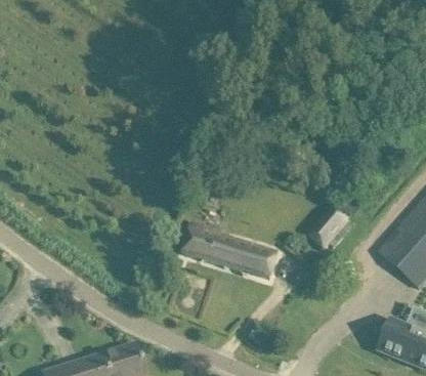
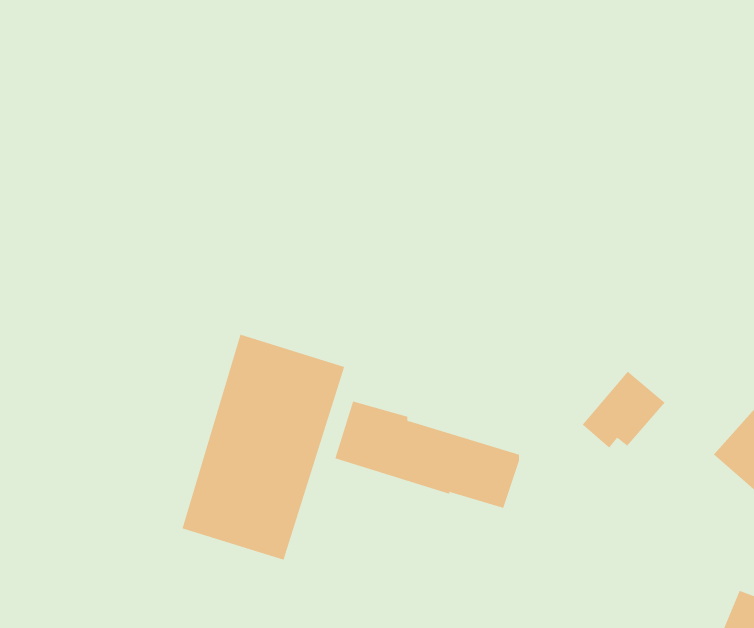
building: none -> [182,334,345,561]

